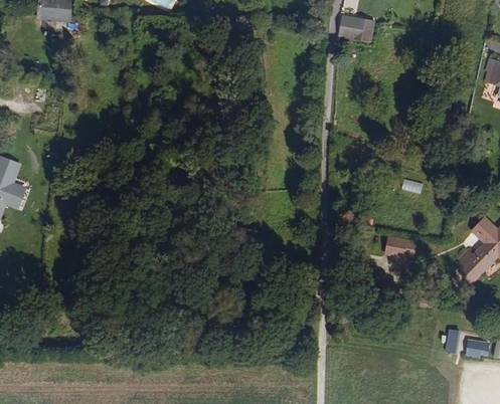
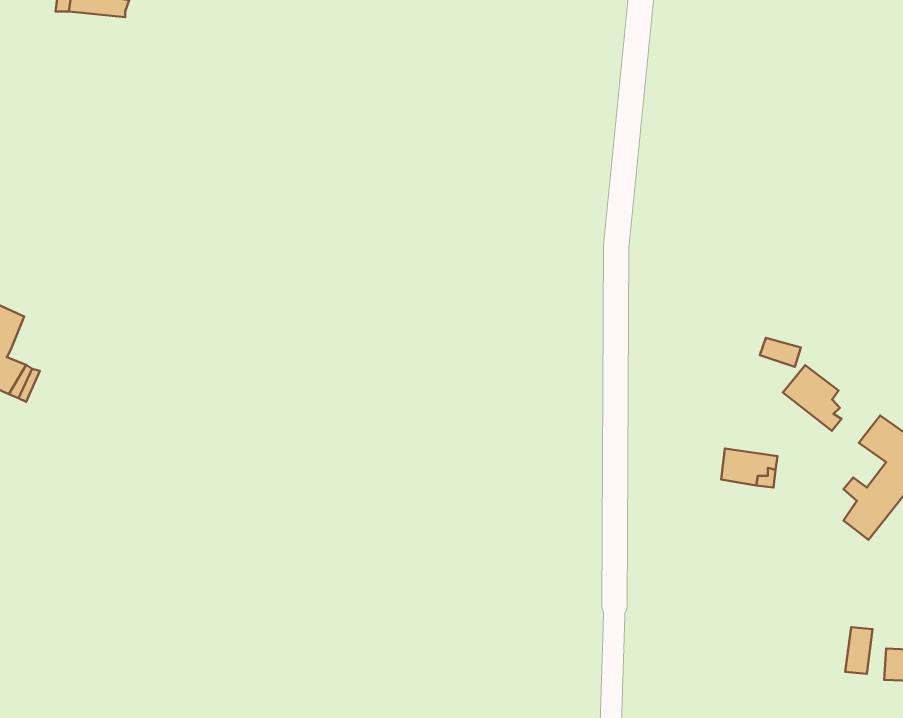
building: [349,22,369,46] -> none
building: none -> [783,365,841,431]

